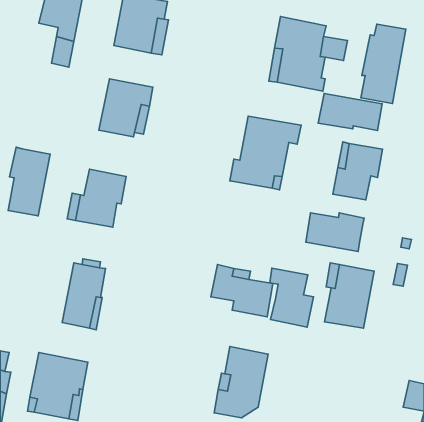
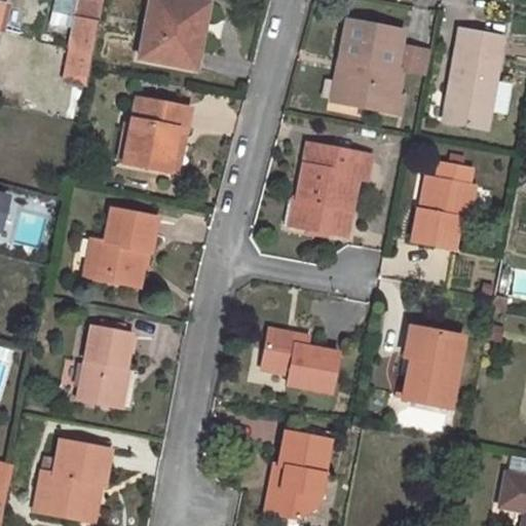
building: [318,94,382,130] -> none
building: [8,147,50,216] -> none
building: [306,213,364,251] -> none
building: [270,268,313,327] -> none

